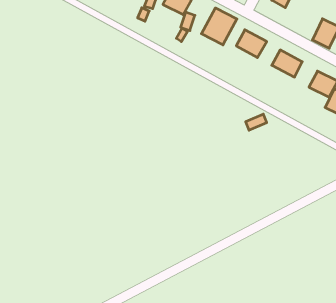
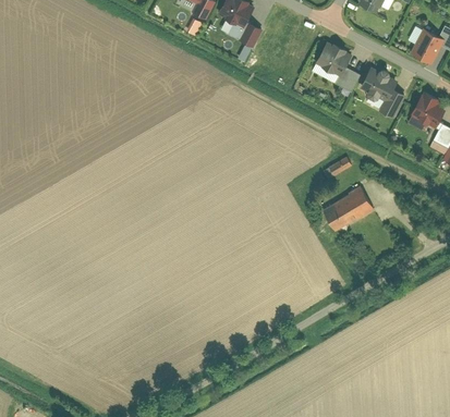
building: [201,8,237,45] -> none
building: none -> [324,187,377,233]

